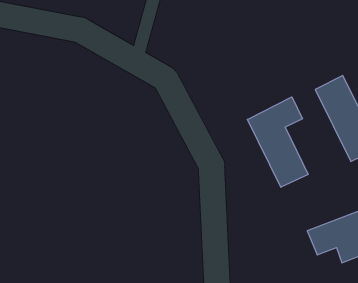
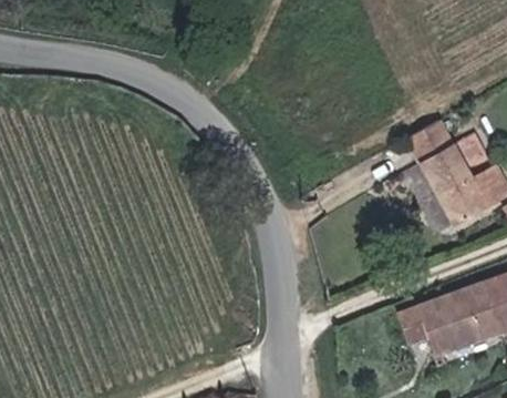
building: [247,97,308,187] -> none

